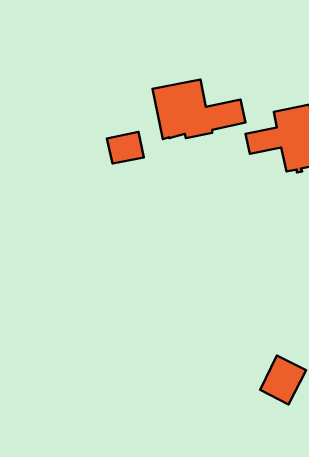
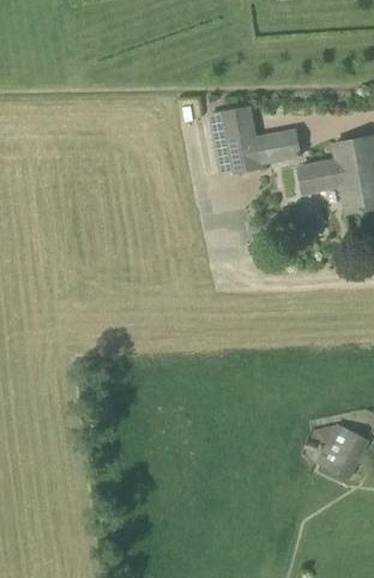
building: [107,132,144,164] -> none

